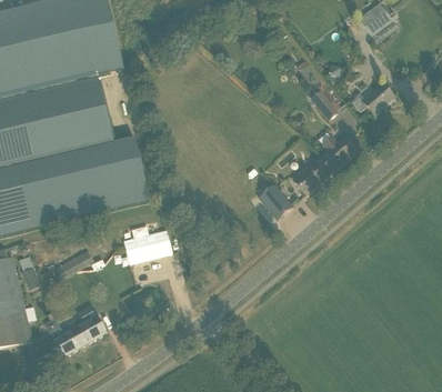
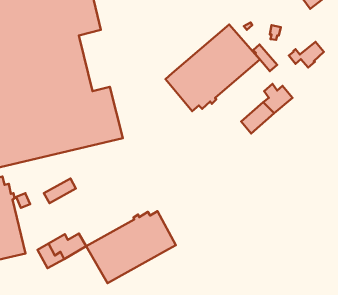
building: none -> [165,25,260,111]
building: [259,182,292,218] -> none
building: [121,230,158,260] -> none
building: none -> [86,211,176,283]

